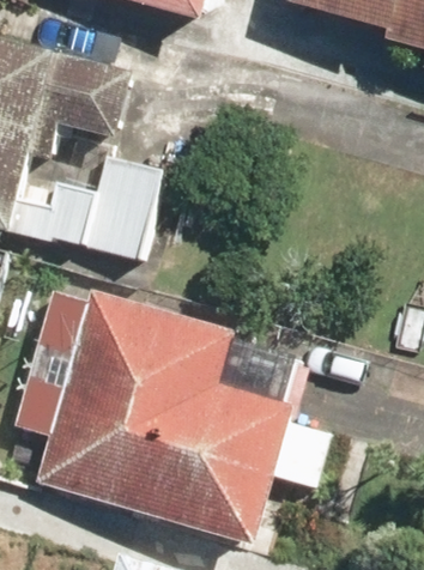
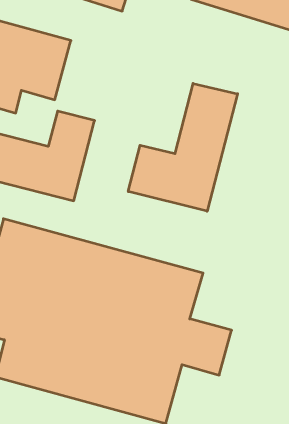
building: none -> [128,83,238,211]

